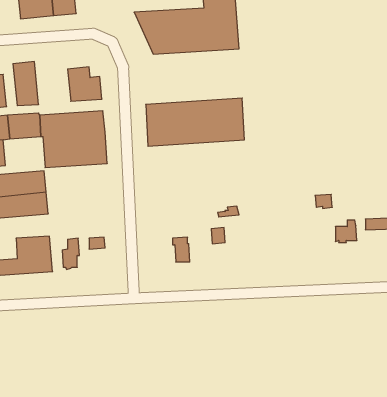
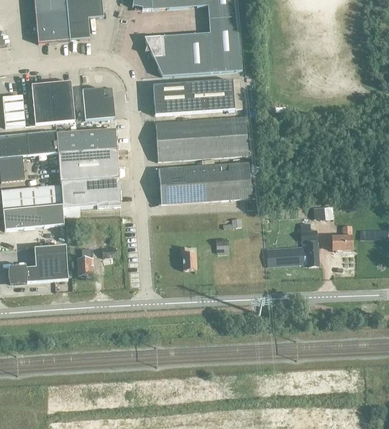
building: none -> [153,77,242,113]
building: none -> [51,79,74,121]
building: none -> [158,161,250,202]
building: none -> [61,176,121,207]
building: none -> [266,221,319,265]

